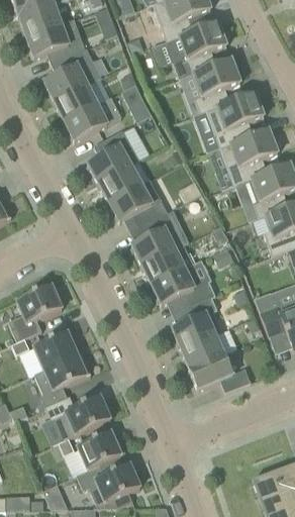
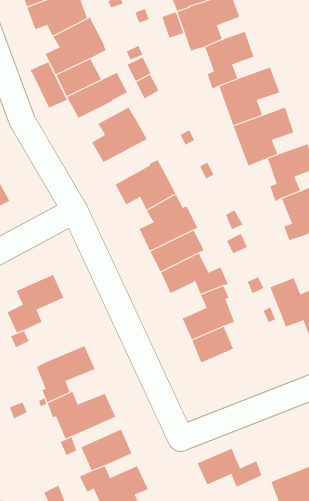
building: none -> [30,62,67,109]
building: [98,165,141,202] -> none
building: [33,330,81,369] -> none
building: [188,354,250,392] -> [196,447,262,487]

